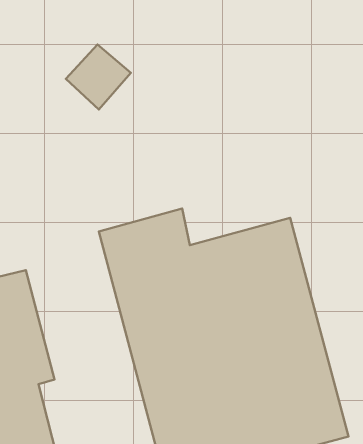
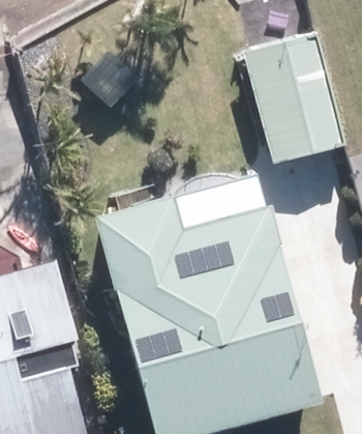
building: none -> [243,30,344,163]

